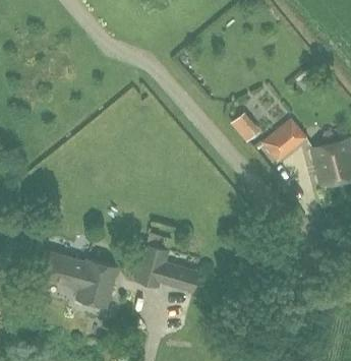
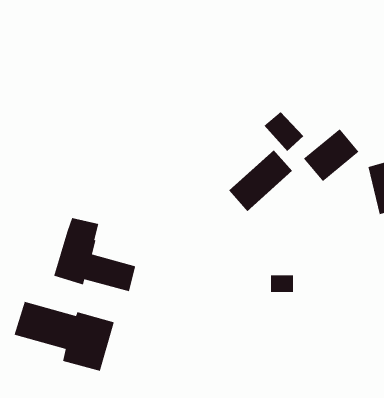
building: none -> [228,149,293,212]
building: [134,235,198,293] -> [53,217,136,292]

